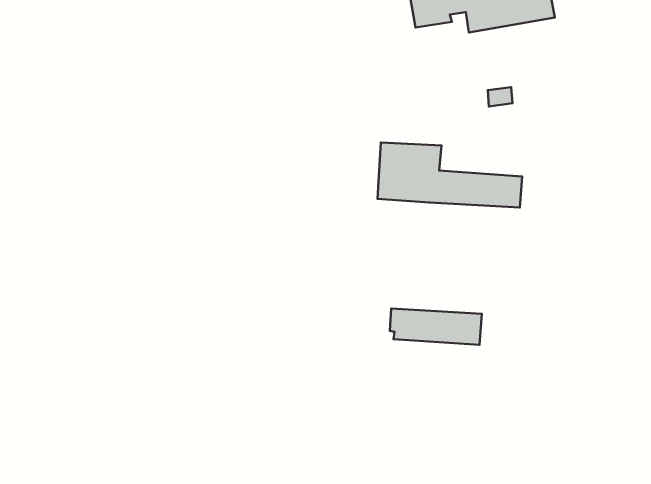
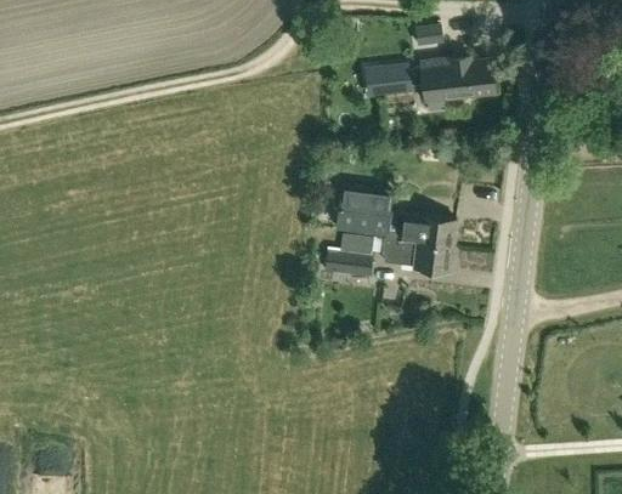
building: none -> [324,239,372,277]
building: [390,308,482,345] -> [377,239,453,274]

